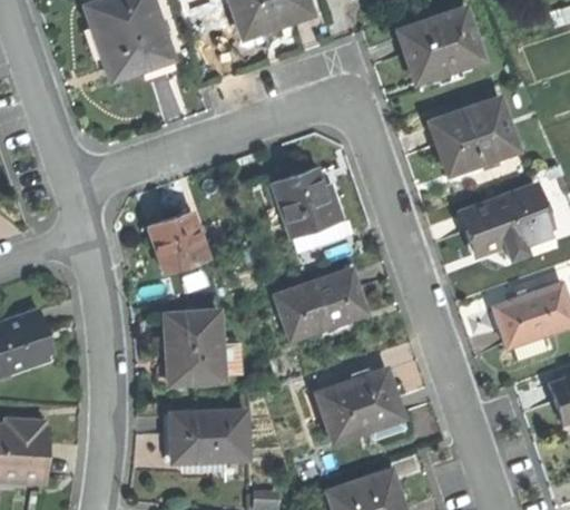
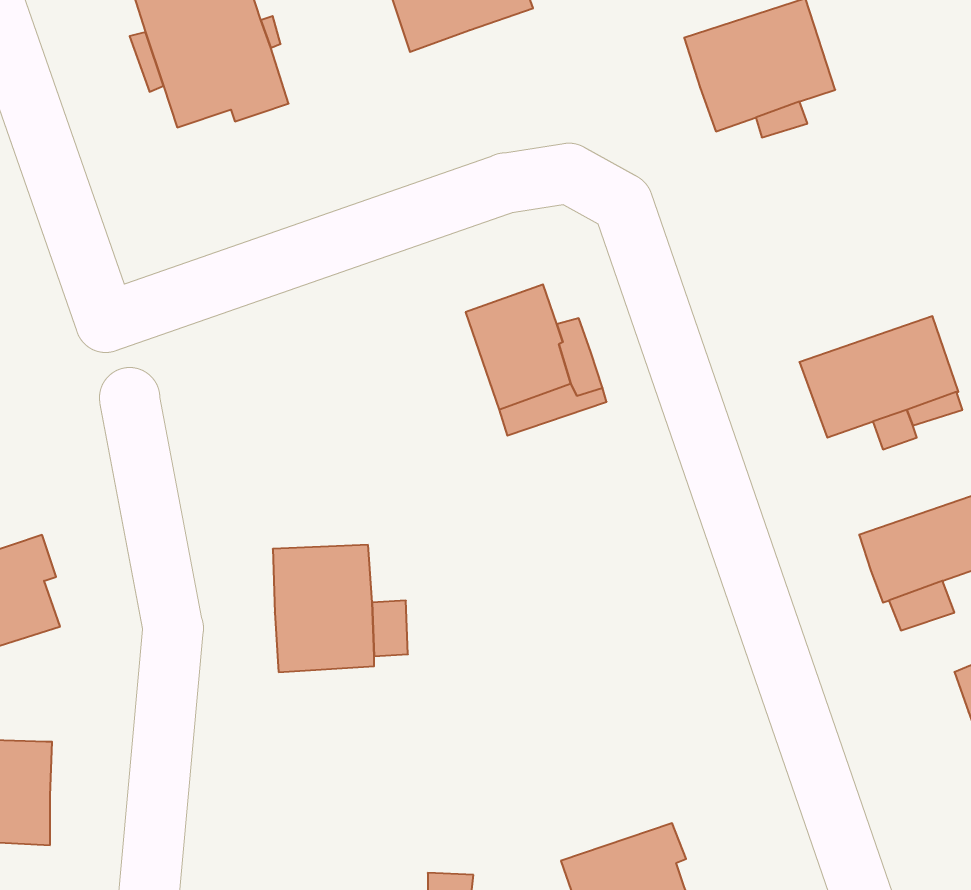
building: [430,97,518,174] -> none
building: [148,210,208,274] -> none
building: [276,267,366,335] -> none
building: [317,369,402,439] -> none
building: [170,411,248,461] -> none

